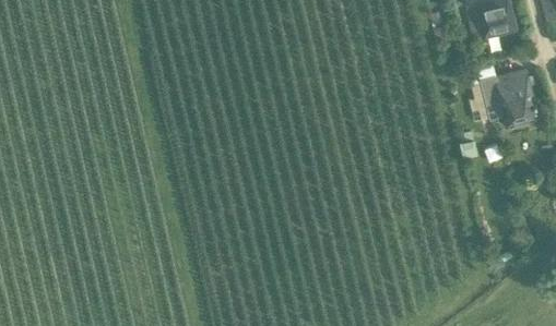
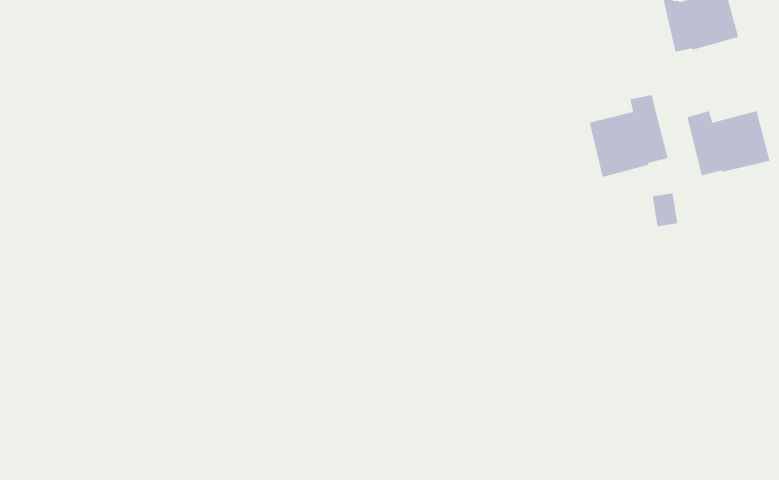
building: none -> [589,94,668,178]

